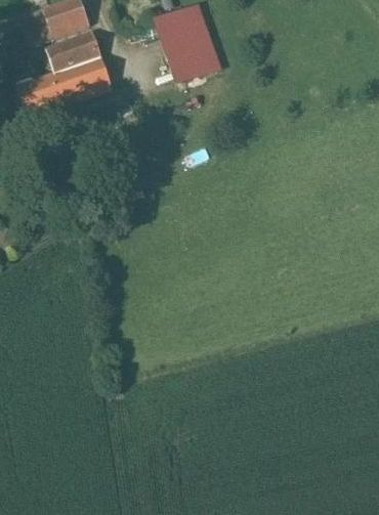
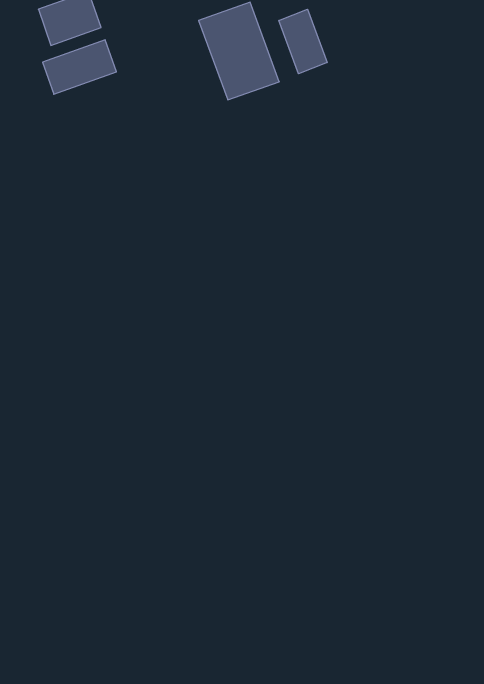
building: none -> [279,9,327,74]
building: [20,57,111,116] -> none

